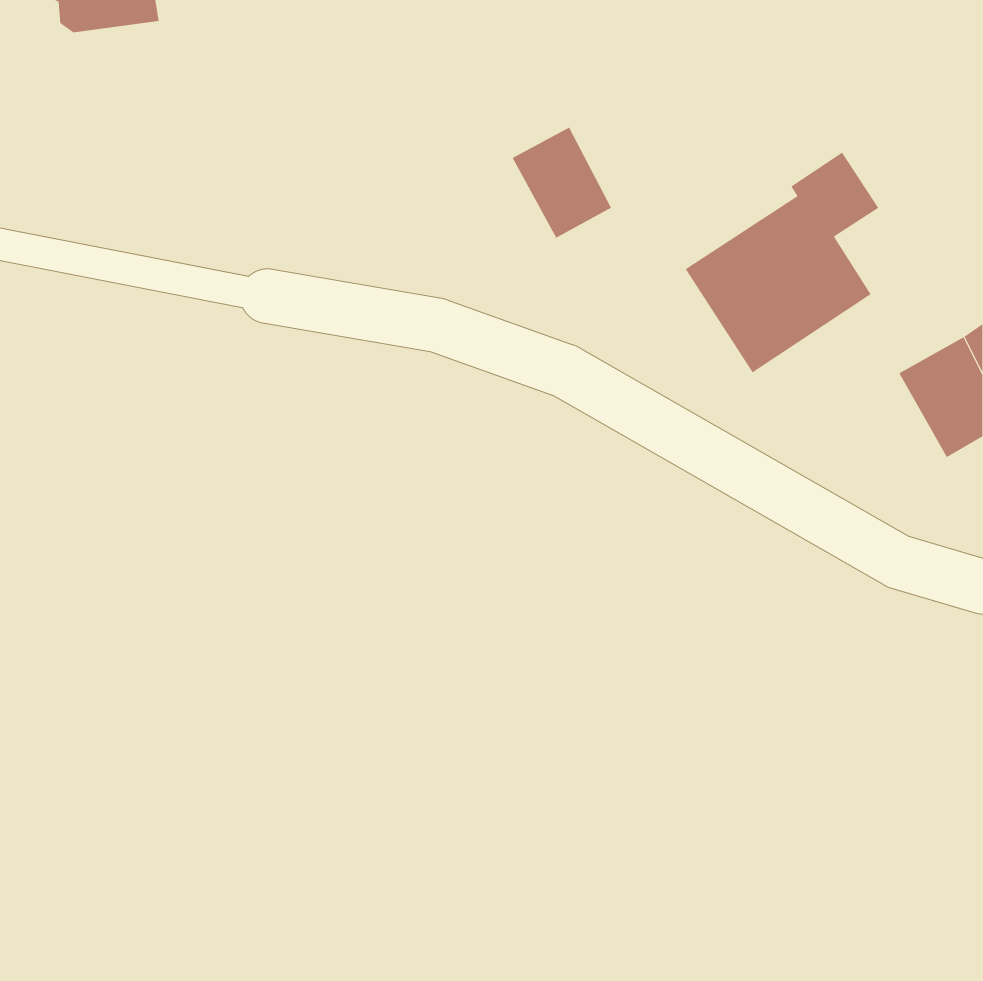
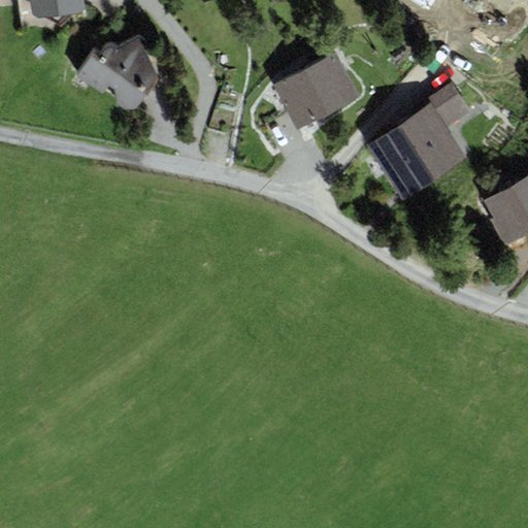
building: none -> [78,38,158,109]
building: none -> [305,52,359,111]

